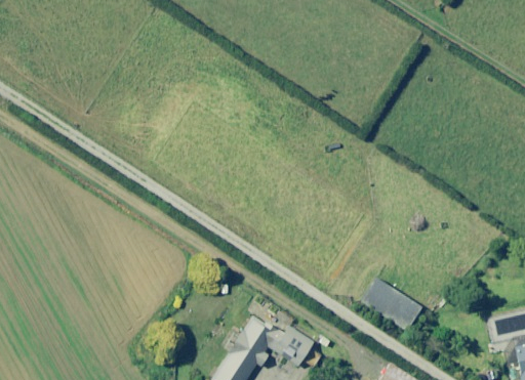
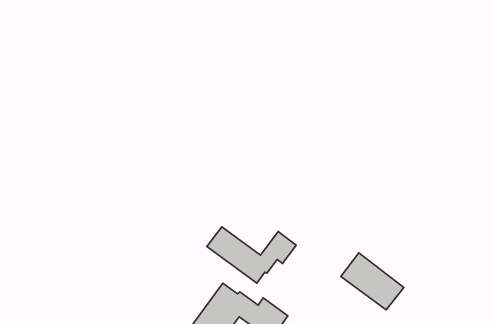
building: none -> [207,227,296,283]

